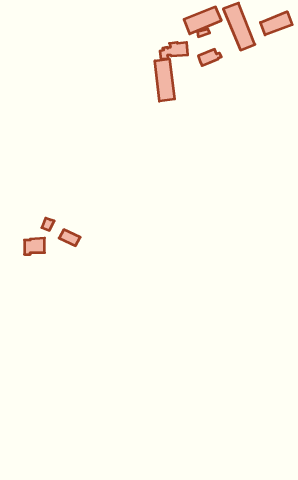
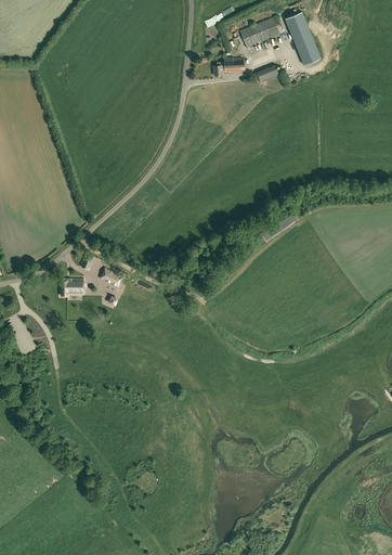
building: [260,12,292,35] -> none
building: [155,59,175,101] -> none

